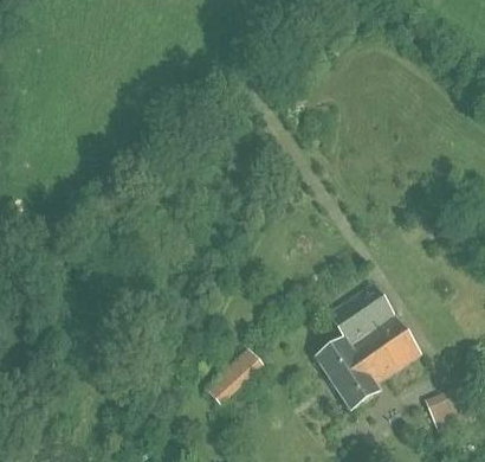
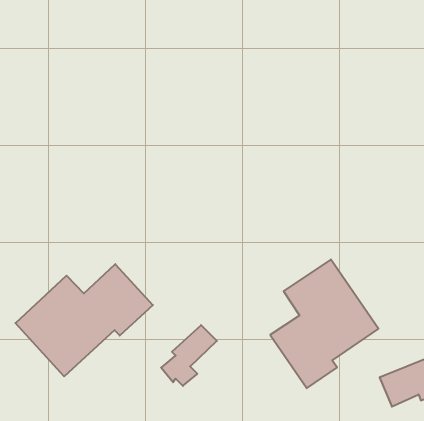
building: none -> [15,264,153,376]

